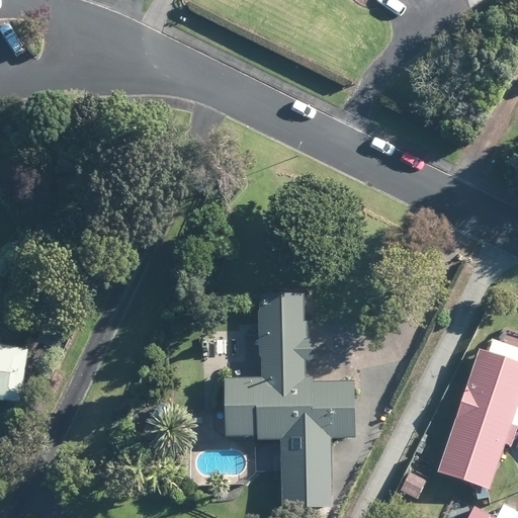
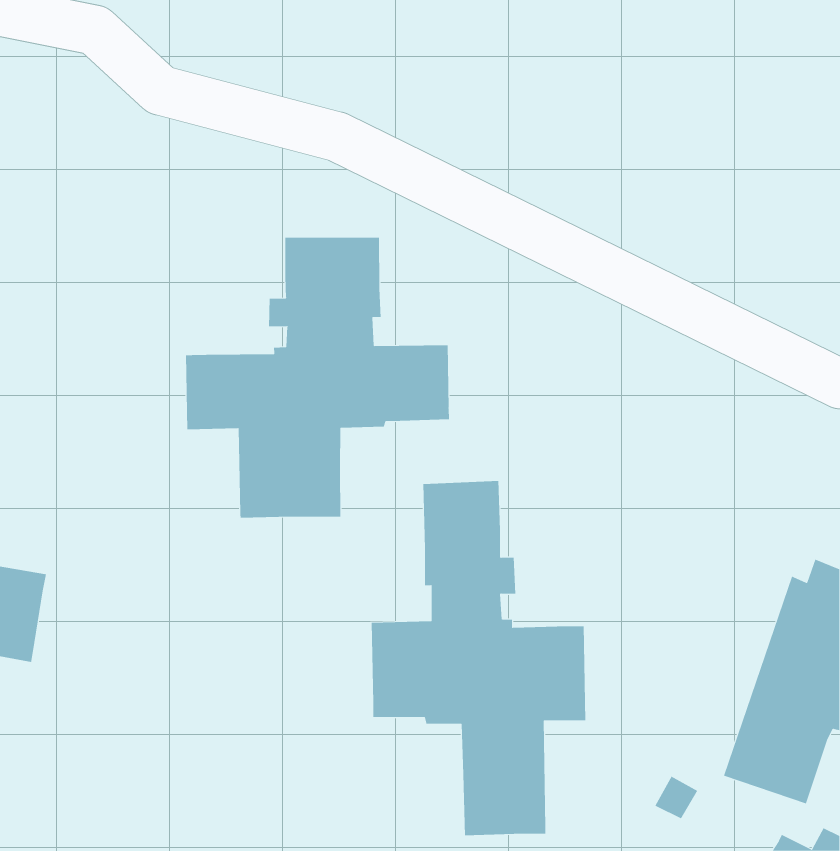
building: none -> [185,237,450,519]

